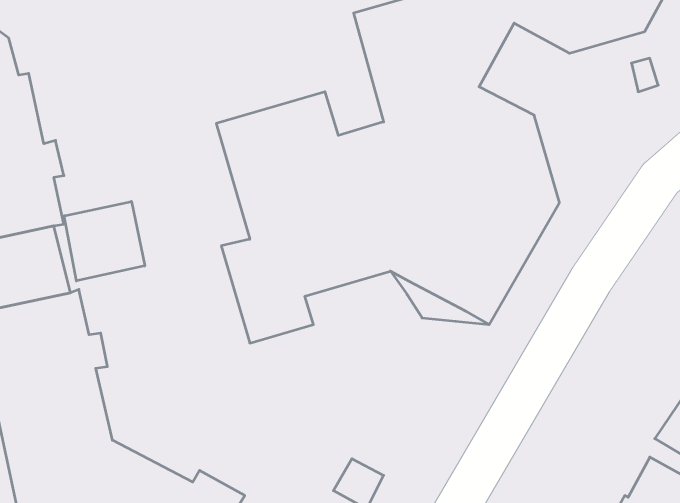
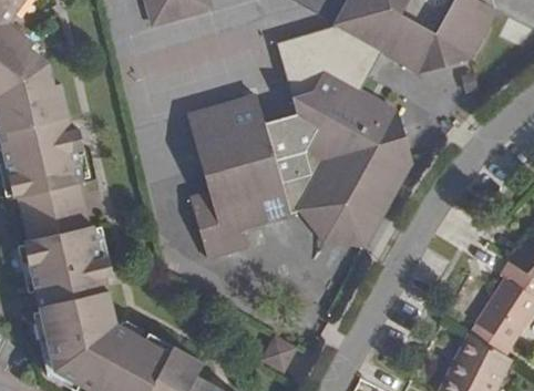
building: [64,201,145,281] -> none

